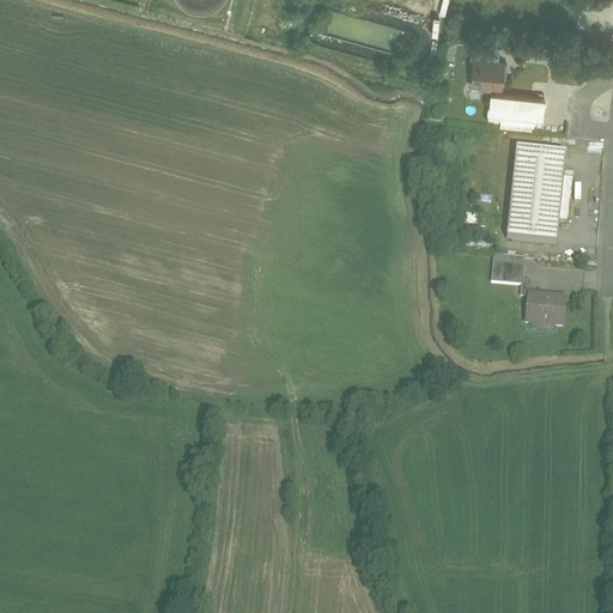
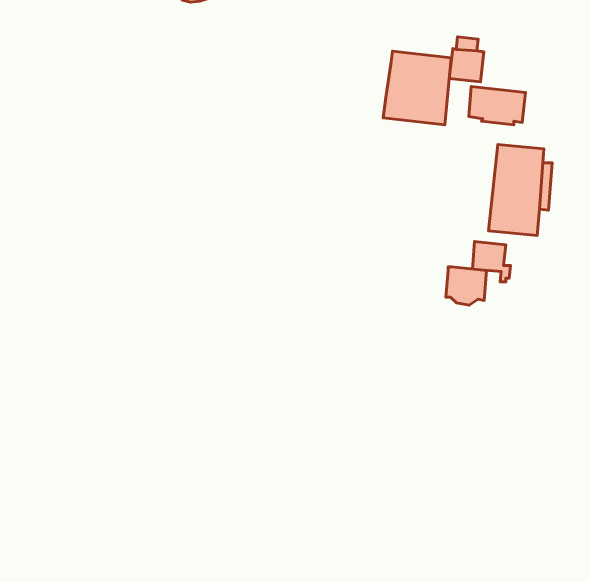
building: none -> [383,51,451,125]
building: [523,289,565,328] -> [446,267,486,305]

